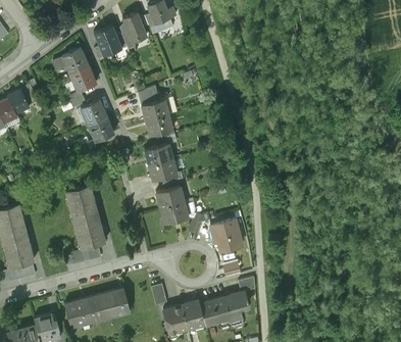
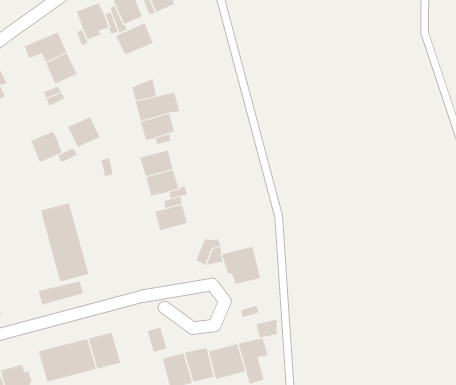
building: none -> [115,22,154,55]
building: [80,99,105,125] -> [31,131,63,163]
building: [160,201,187,224] -> none

